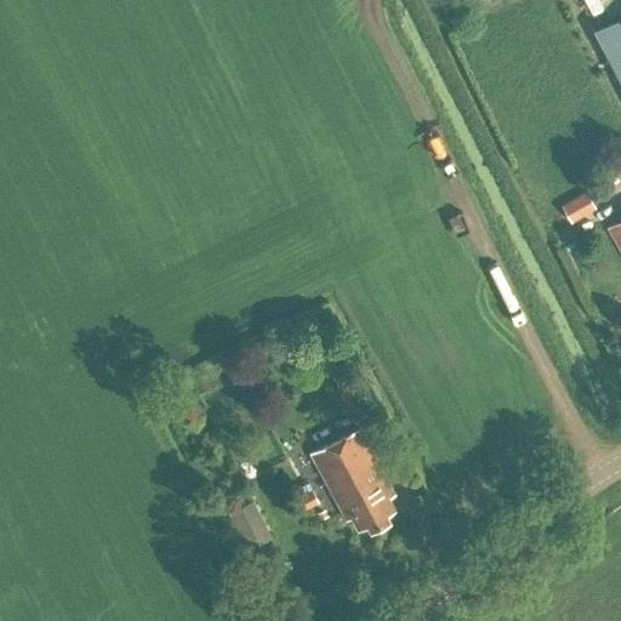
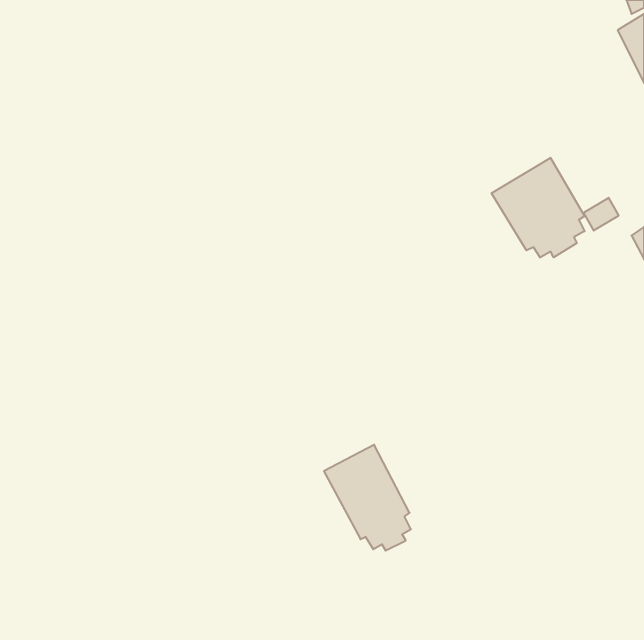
building: none -> [492,158,585,258]
building: [228,502,272,553] -> none

